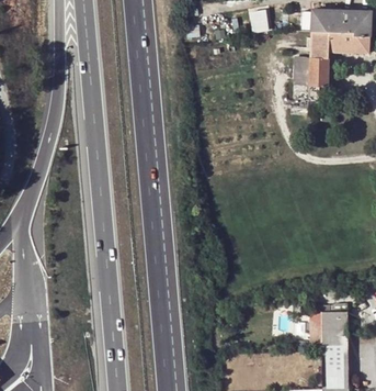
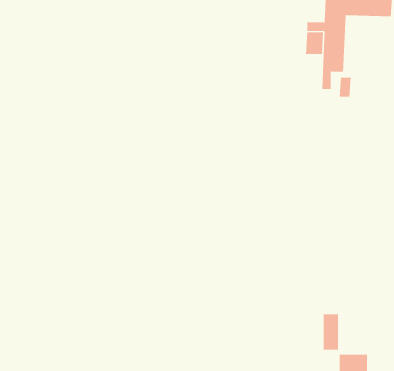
building: [323,304,354,347] -> none

